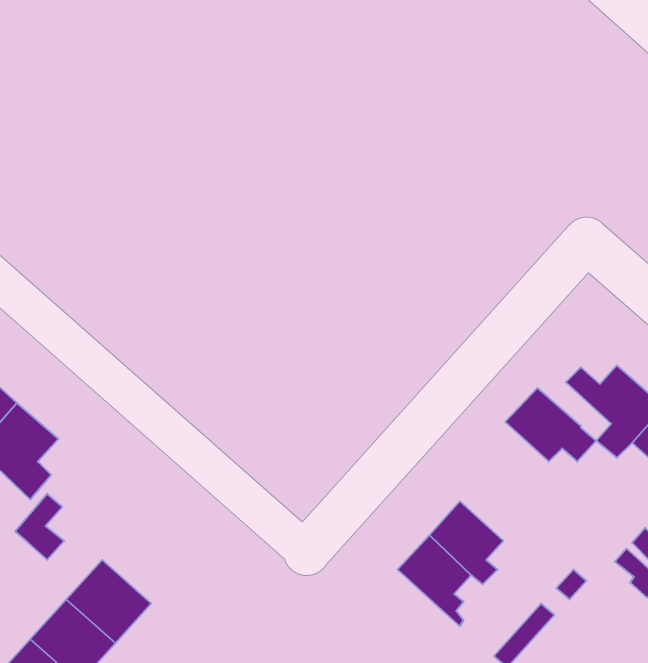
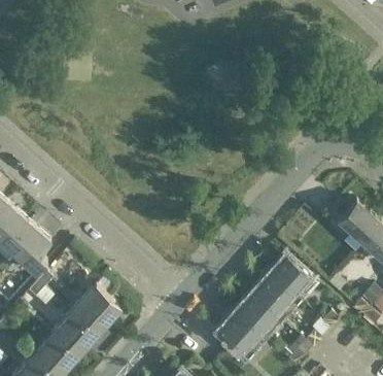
building: [505,388,596,462] -> [269,257,318,297]
building: none -> [74,284,120,331]
building: none -> [217,312,258,353]

